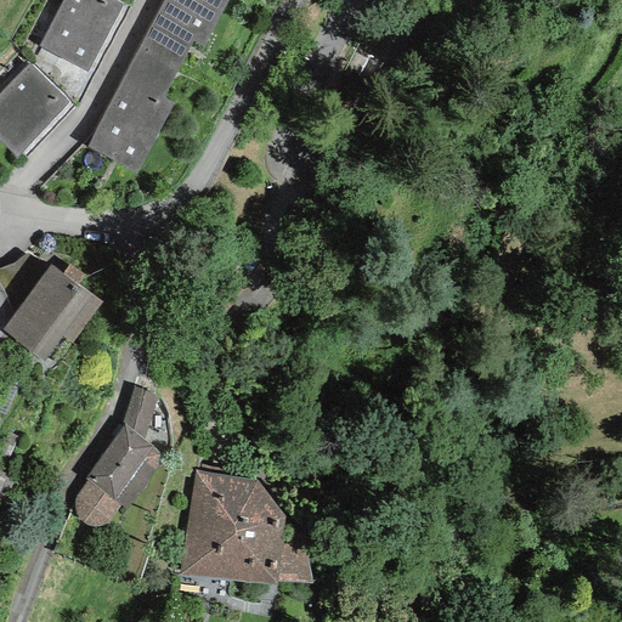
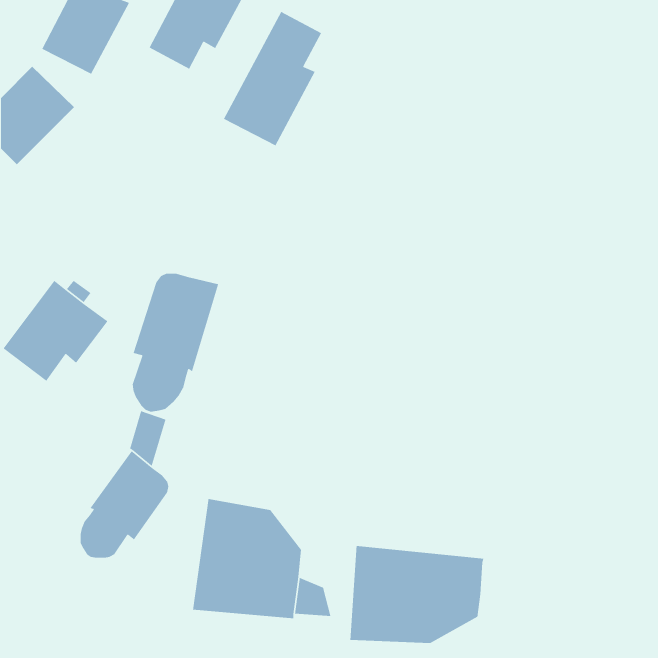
building: [86,45,180,173] -> [223,11,322,146]
building: none -> [132,273,219,412]
building: none -> [349,545,484,644]

